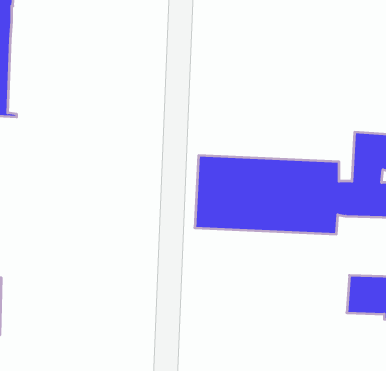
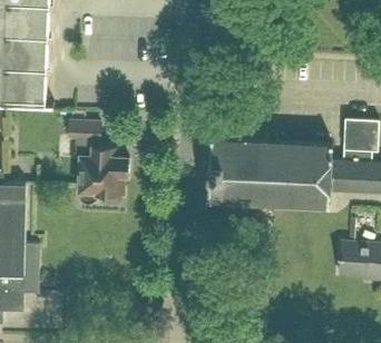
building: none -> [67,122,128,206]

